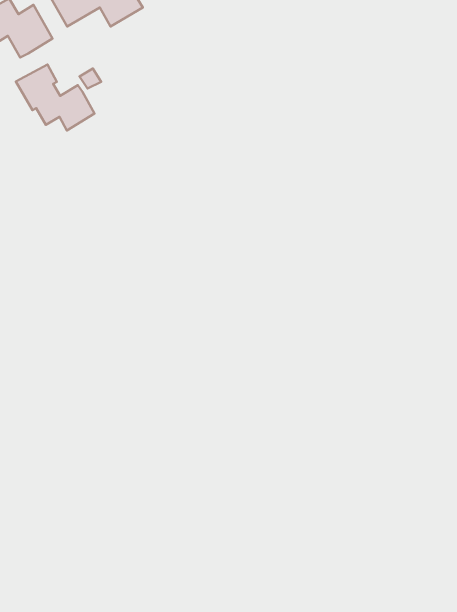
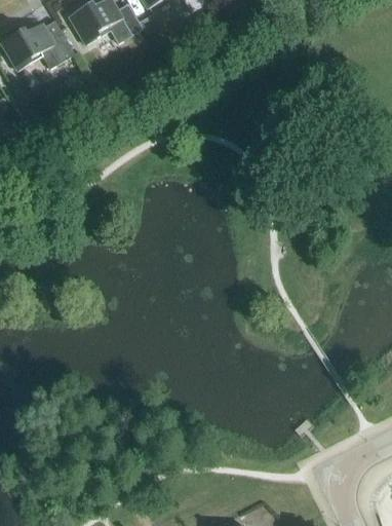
building: [16,64,95,131] -> none

